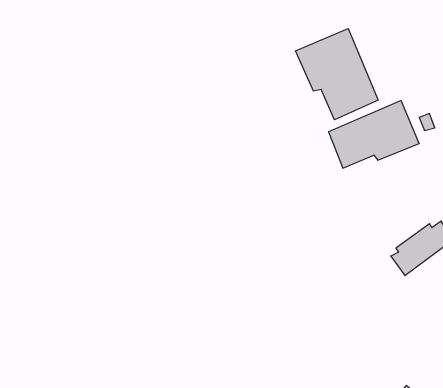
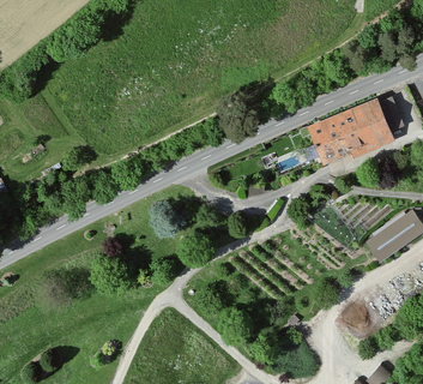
building: [296,29,378,120] -> none

